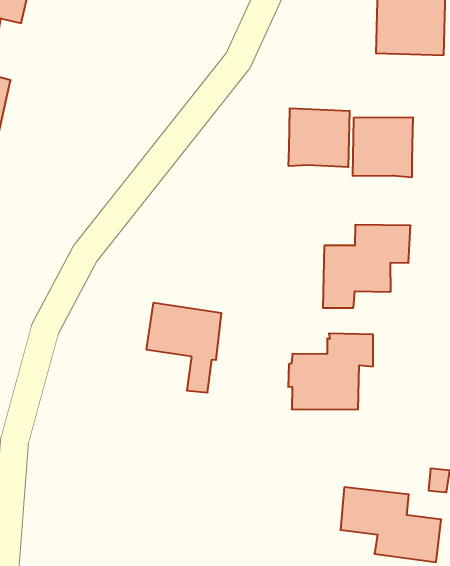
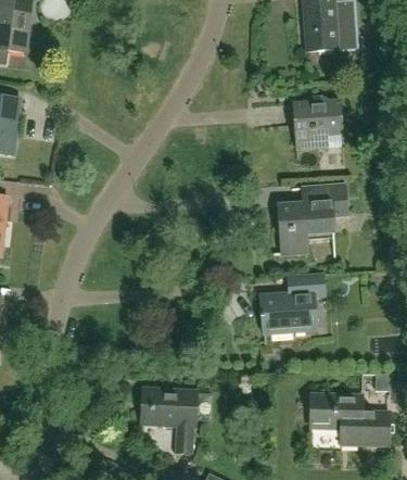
building: [289,108,349,167] -> none
building: [146,303,222,392] -> [141,386,198,452]

